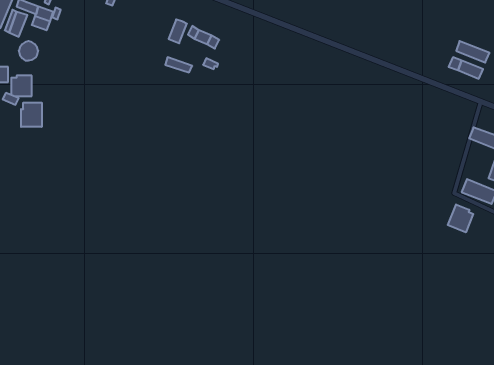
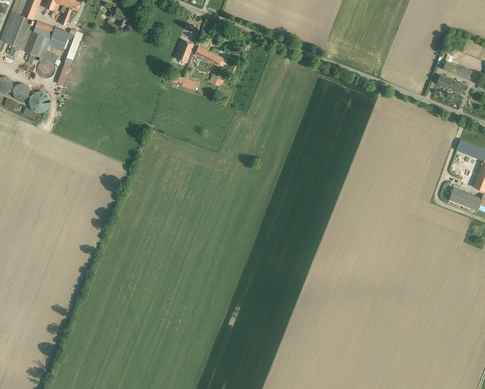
building: [21,103,42,127] -> none
building: [448,204,473,232] -> none

